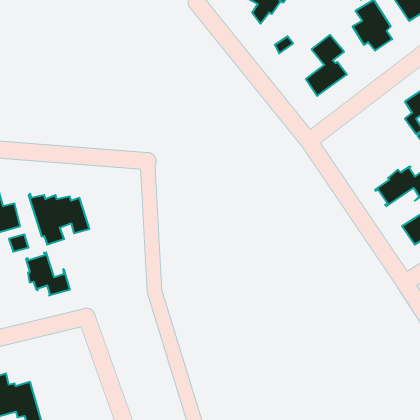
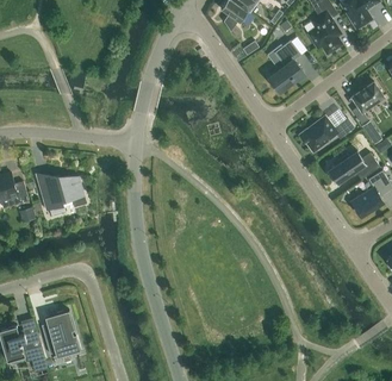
building: none -> [299,117,355,150]
building: [26,252,70,296] -> none
building: none -> [42,311,81,357]

